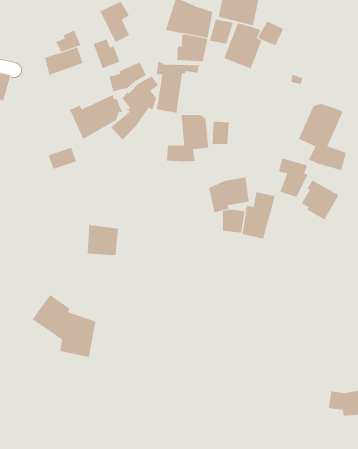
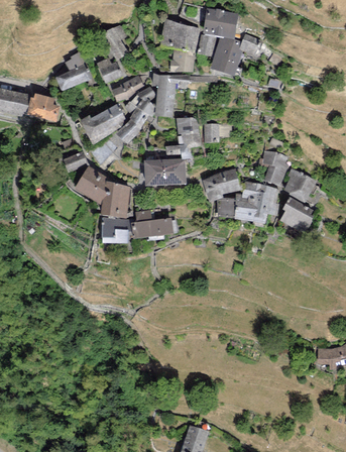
building: none -> [26,93,60,121]
building: [298,103,347,171] -> none
building: none -> [143,158,186,185]
building: none -> [253,184,278,223]
building: none -> [279,197,313,232]
building: none -> [130,209,172,238]
building: [32,294,96,358] -> [75,165,130,218]

